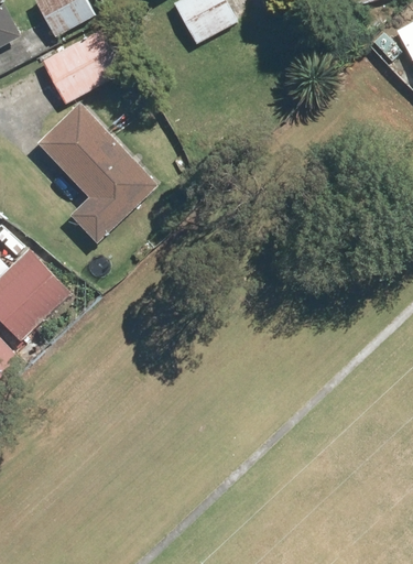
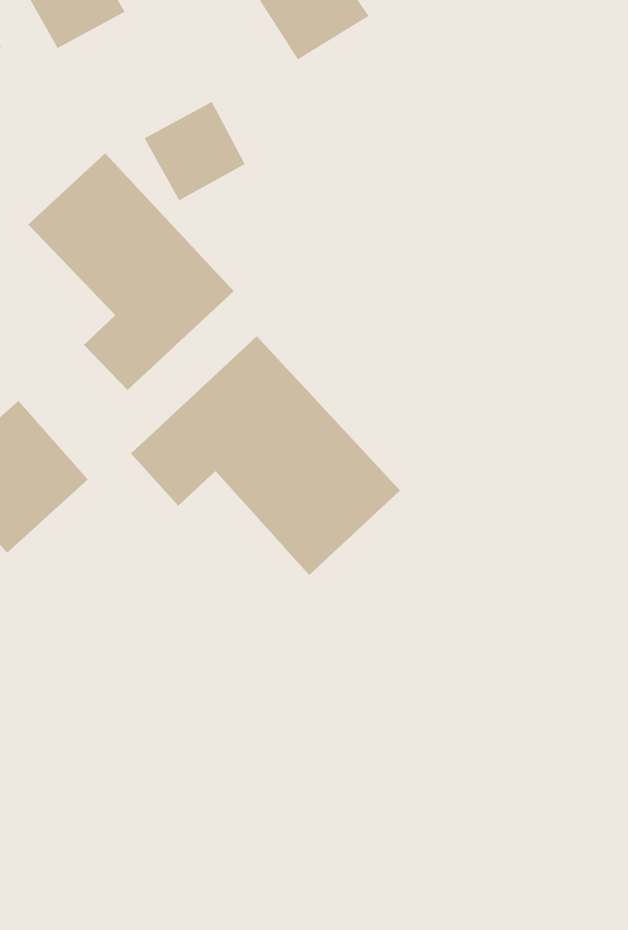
building: [43,42,104,101] -> [144,101,245,201]
building: none -> [130,336,401,576]

